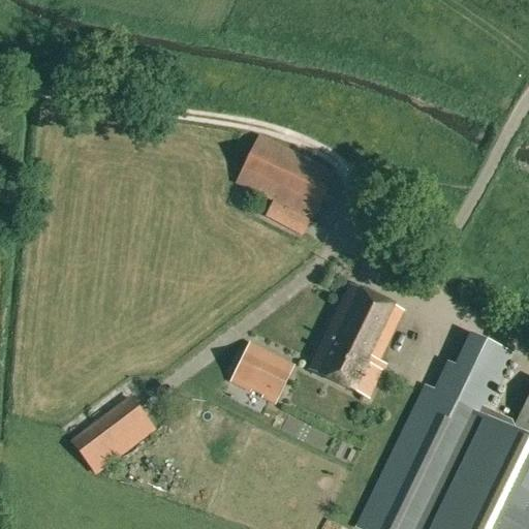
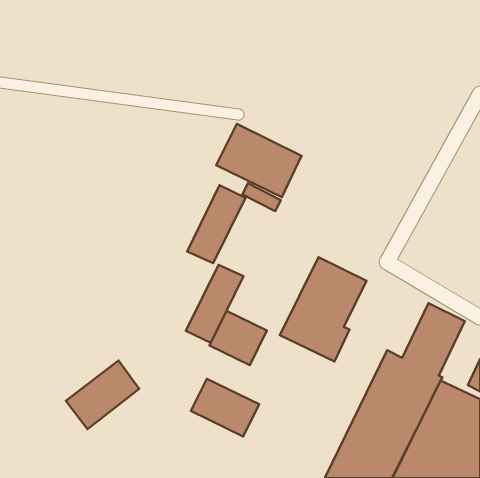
building: none -> [187,185,246,263]
building: none -> [186,265,243,343]
building: none -> [191,379,259,437]

